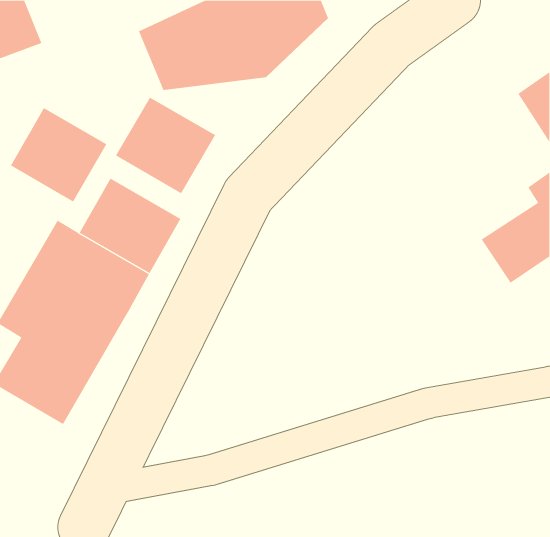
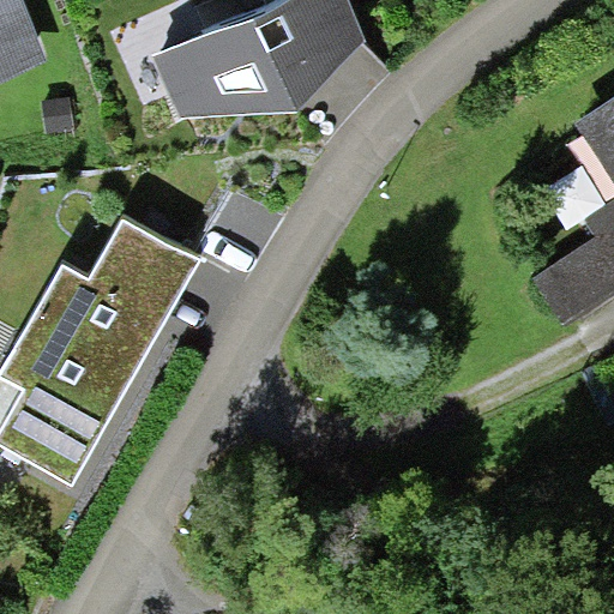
building: [115,97,216,194] -> none
building: [10,107,107,203] -> none

